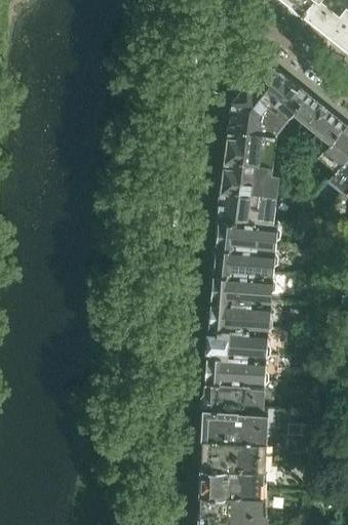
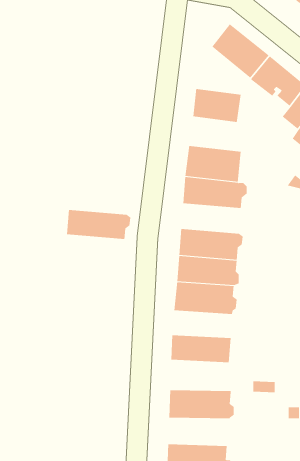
building: [228,86,284,135] -> none
building: [221,158,278,194] -> none
building: [212,247,279,278] -> [66,209,131,239]
building: [203,357,269,385] -> none
building: [201,407,274,440] -> none
building: [199,467,264,495] -> none

